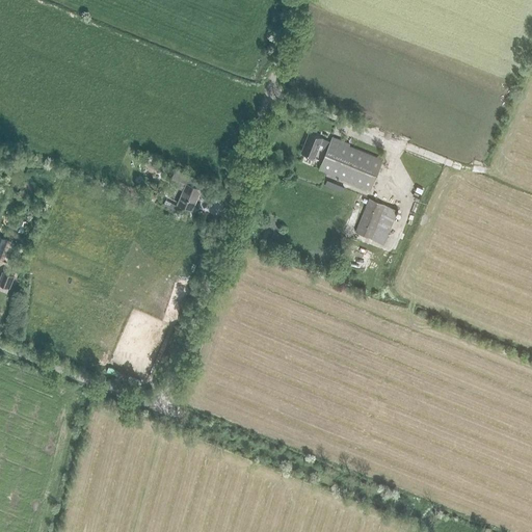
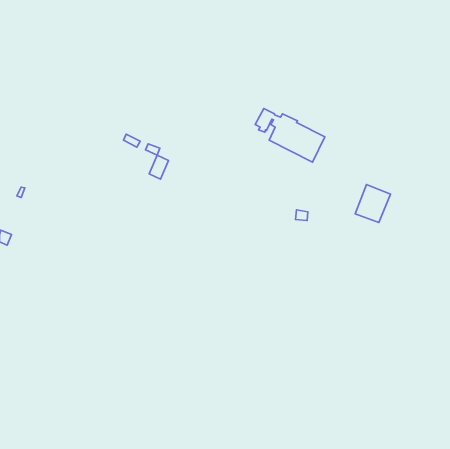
building: [354,201,396,245] -> [355,185,390,223]

